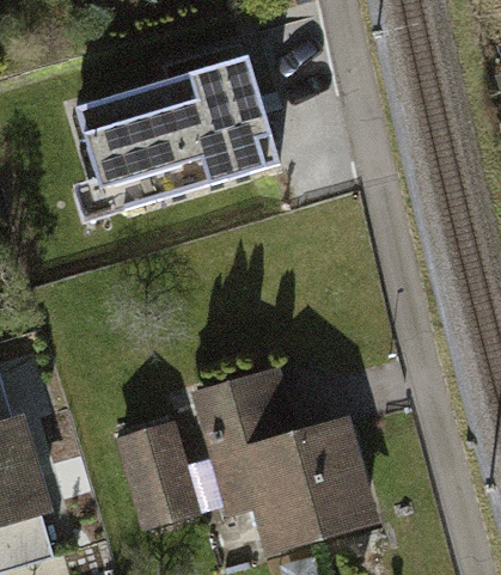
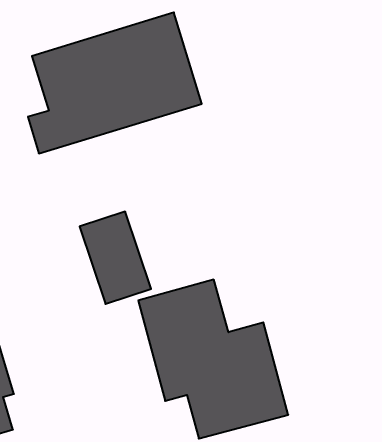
building: [121,422,207,533] -> [80,212,151,304]

